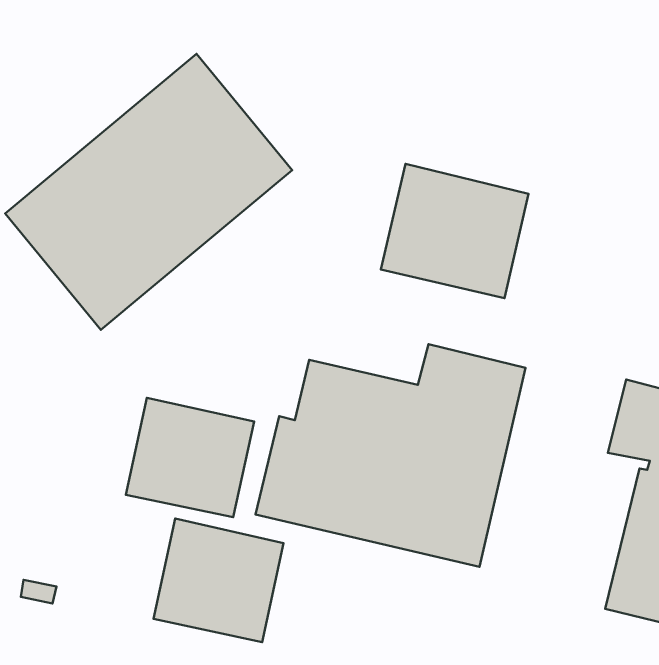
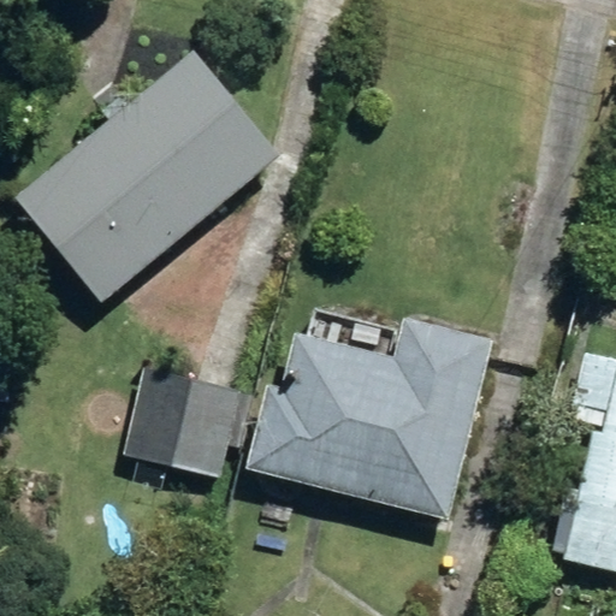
building: [381,164,529,298] -> none
building: [153,519,283,642] -> none

